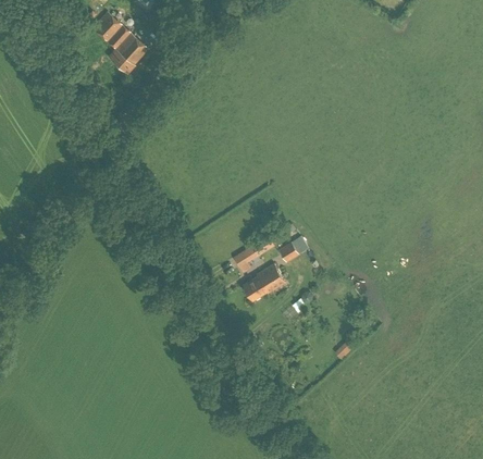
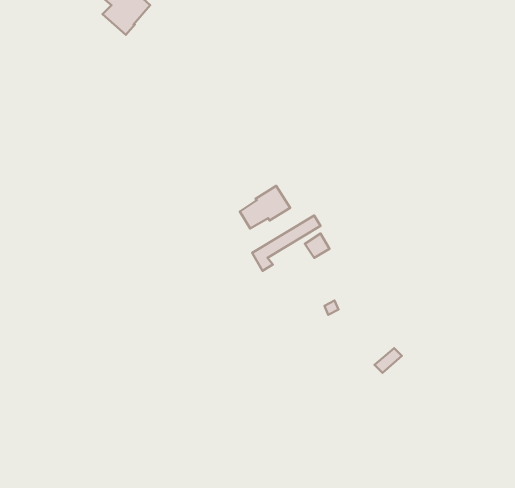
building: [244,264,286,300] -> [240,186,290,228]

